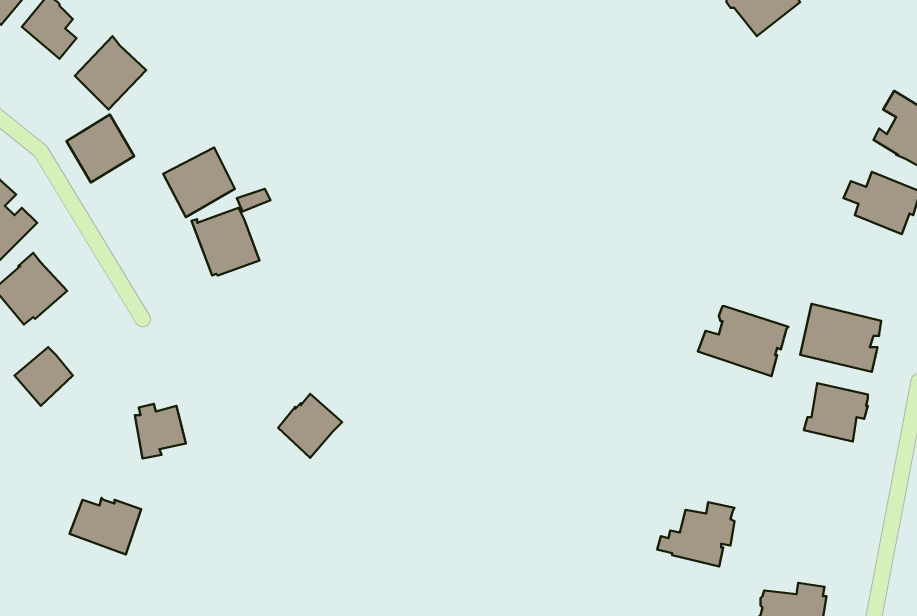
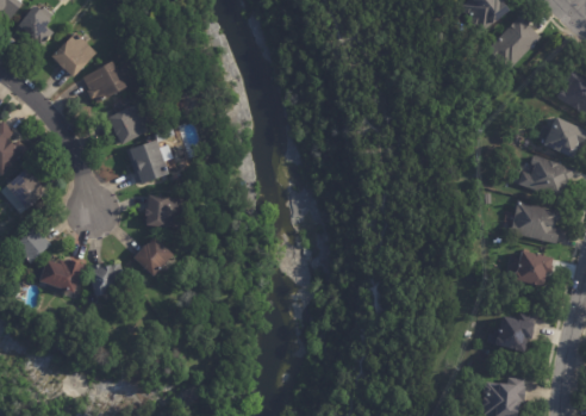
building: none -> [485,14,541,66]
building: [66,115,134,183] -> [83,61,126,104]
building: none -> [144,195,181,228]
building: [698,306,788,376] -> [518,155,575,199]
building: [278,394,342,458] -> [133,237,174,278]
building: [69,498,141,554] -> [38,259,83,294]
building: [657,502,734,566] -> [485,311,534,352]

